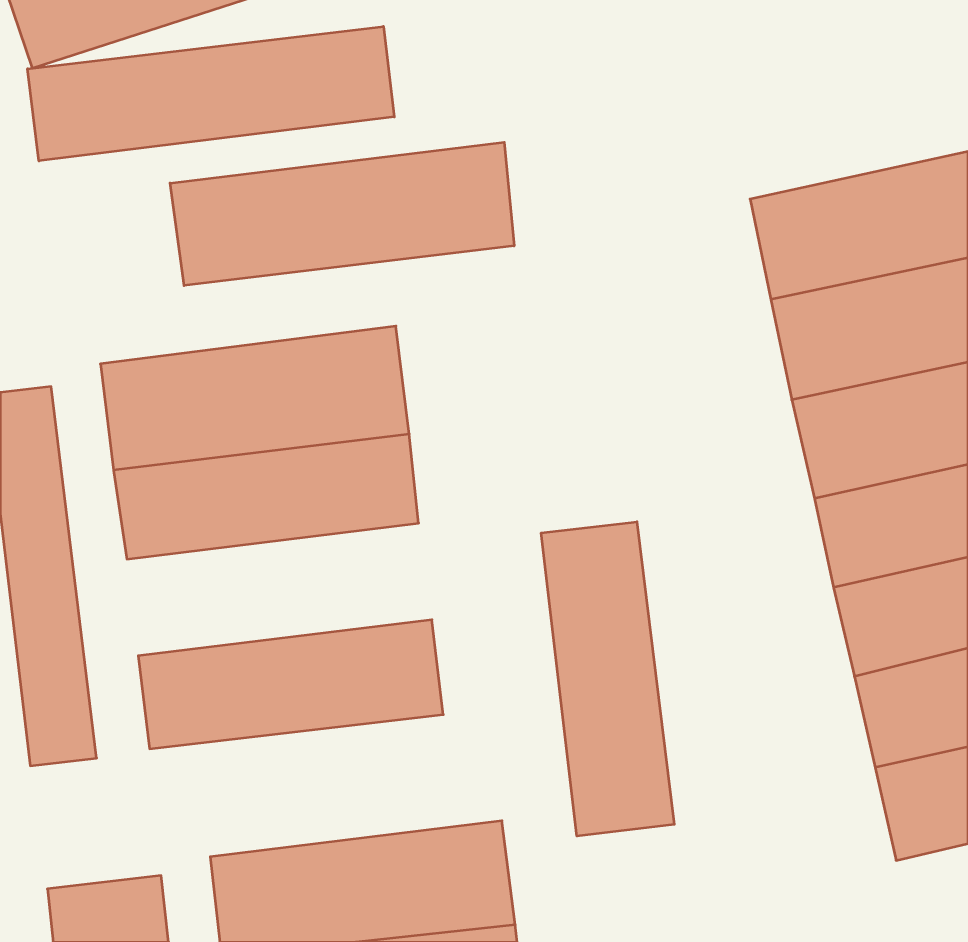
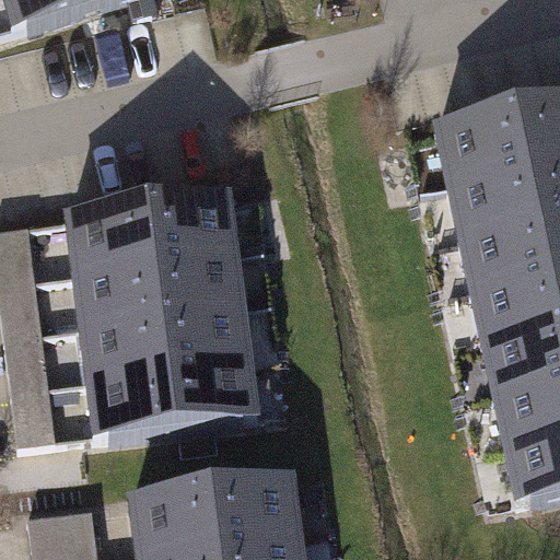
building: [28,26,394,161] -> none
building: [170,142,514,286] -> none
building: [541,522,674,836] -> none
building: none -> [73,302,249,378]

